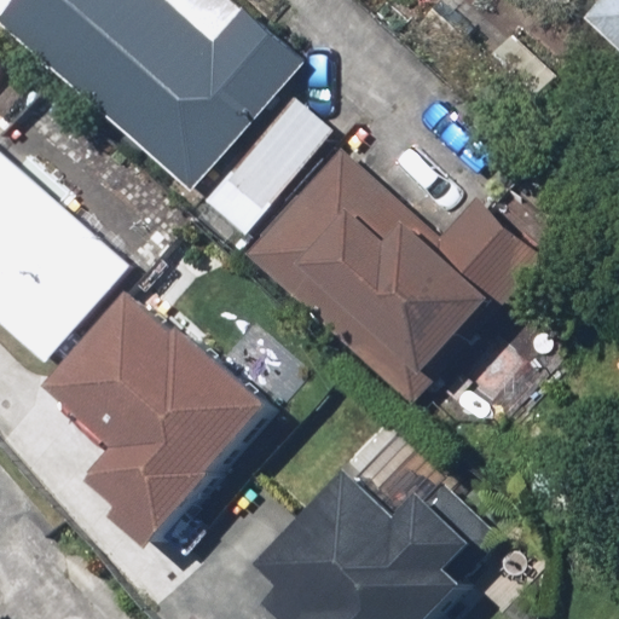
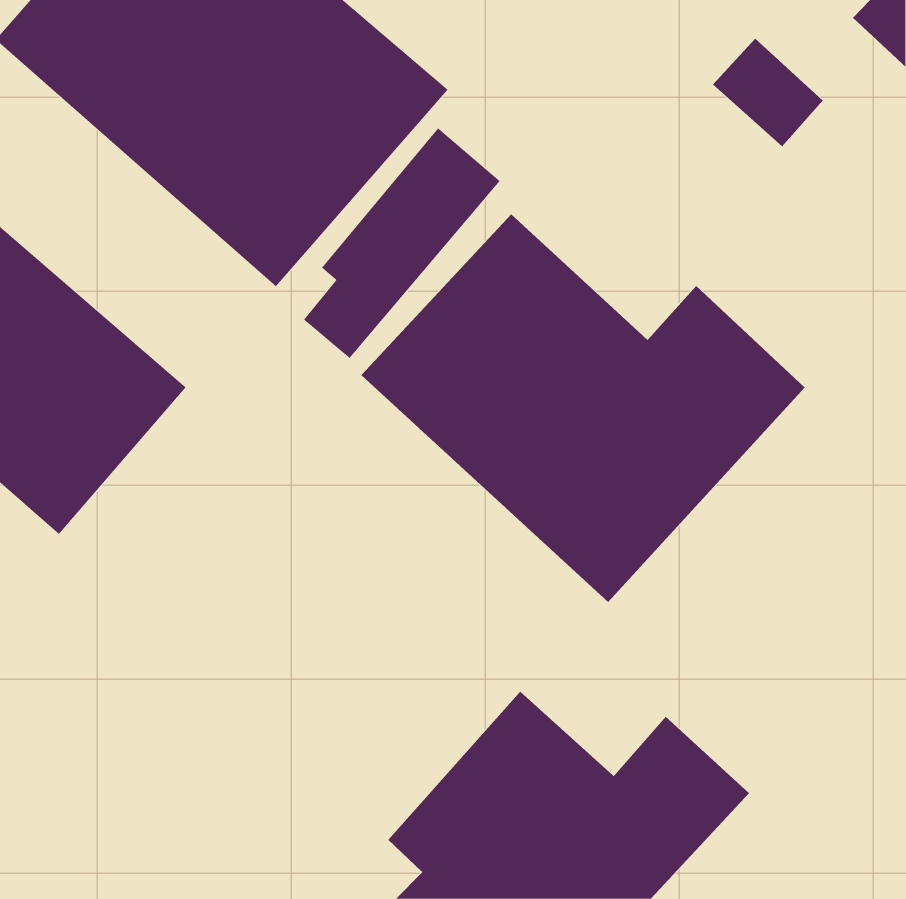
building: [37,289,265,538] -> none

